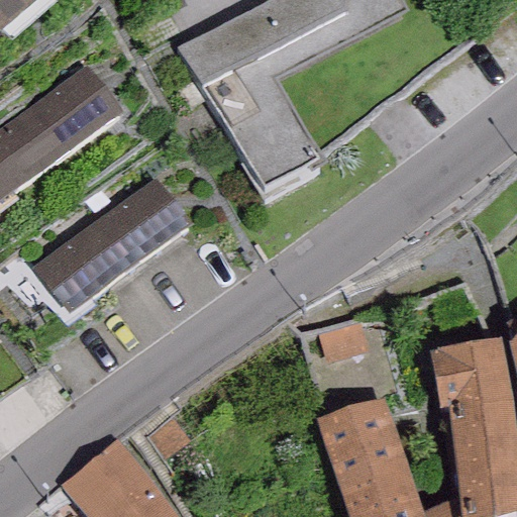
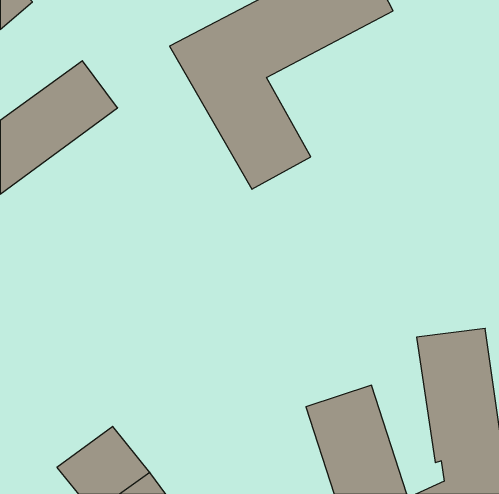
building: [34,176,193,314] -> none

